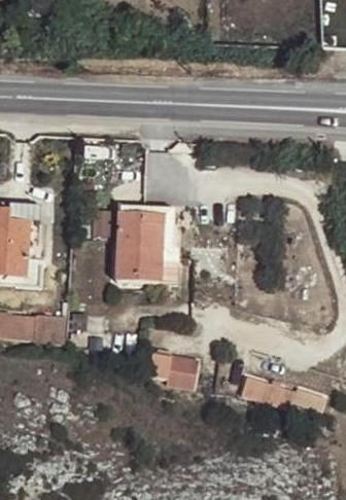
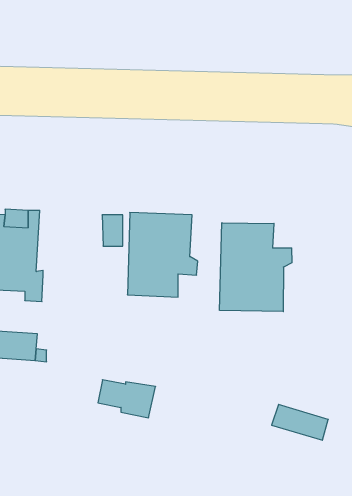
building: none -> [220,223,292,312]
building: [146,353,198,387] -> [98,380,156,418]

